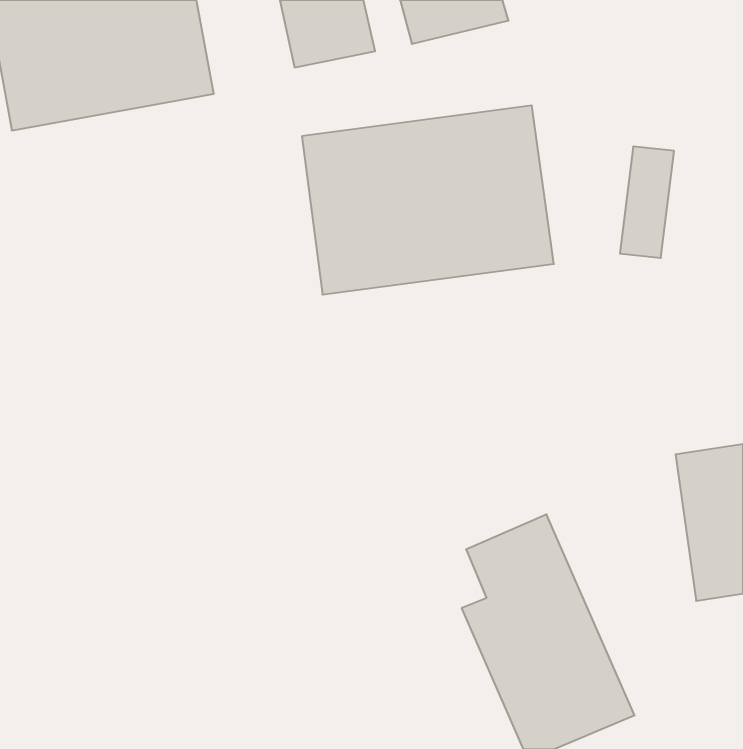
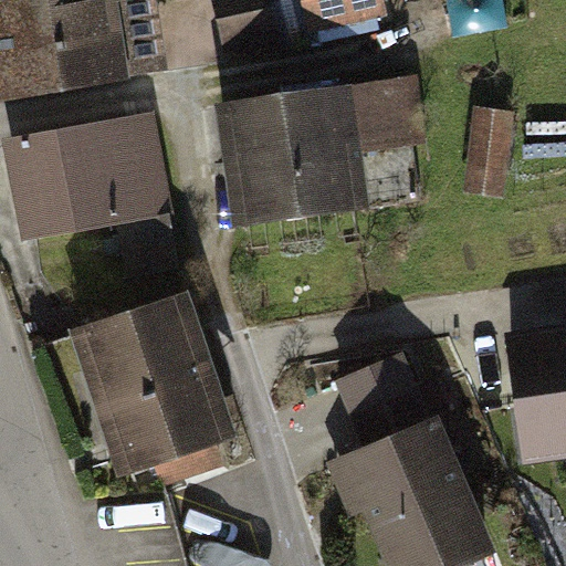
building: none -> [14,118,165,235]
building: none -> [85,302,218,467]

